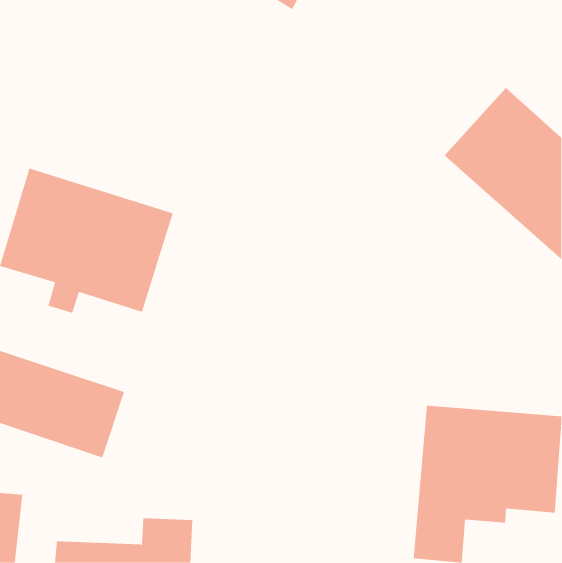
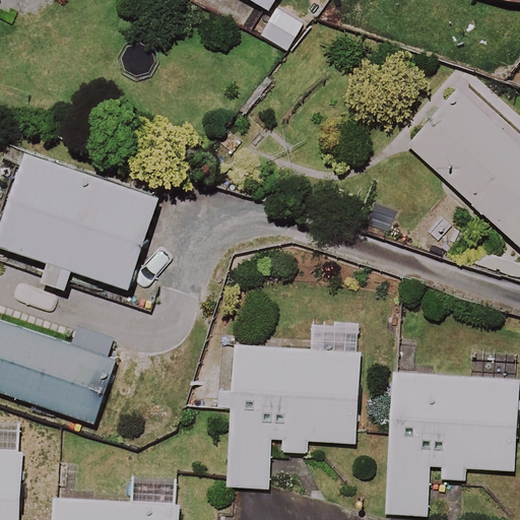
building: none -> [226,347,359,489]

